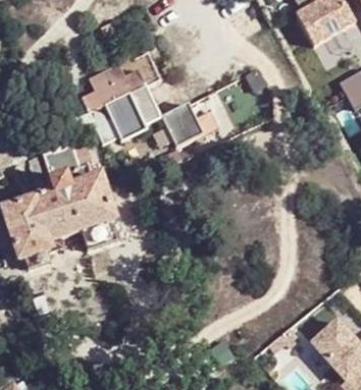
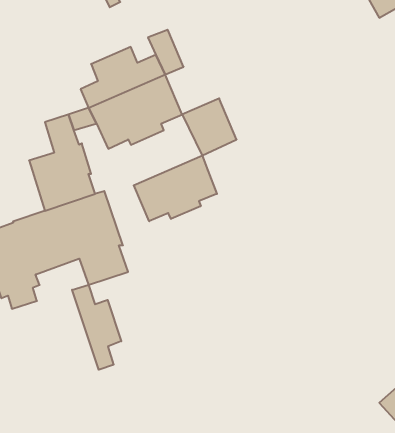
building: none -> [134,155,217,221]
building: none -> [72,285,121,370]

